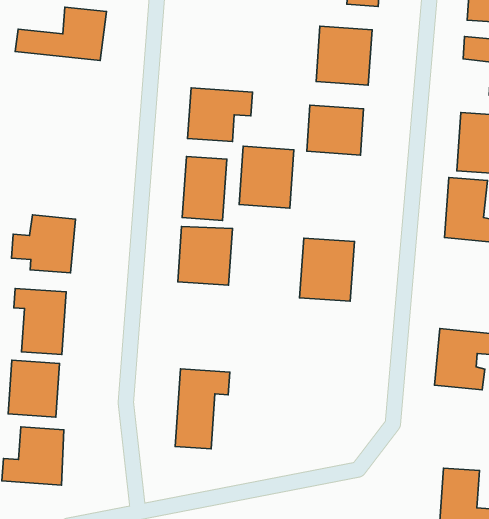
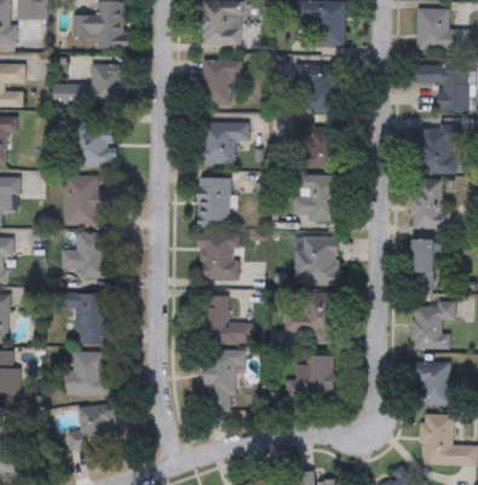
building: none -> [201,59,242,104]
building: none -> [73,121,116,167]
building: none -> [65,175,109,224]
building: [239,146,294,208] -> [298,174,339,221]
building: none -> [411,238,436,289]
building: none -> [202,295,252,342]
building: none -> [284,291,340,339]
building: none -> [287,354,334,399]
building: none -> [414,360,451,404]

